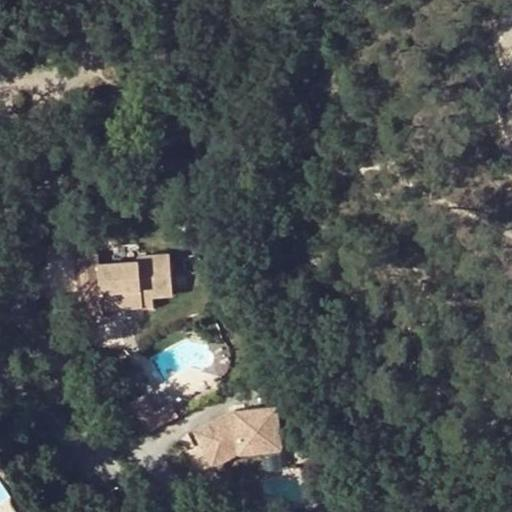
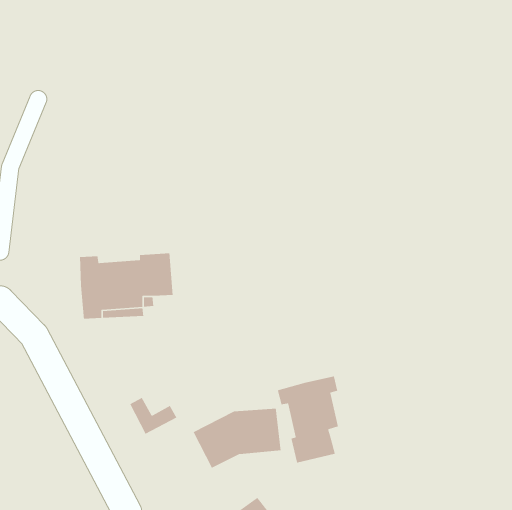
building: none -> [277,376,339,464]

